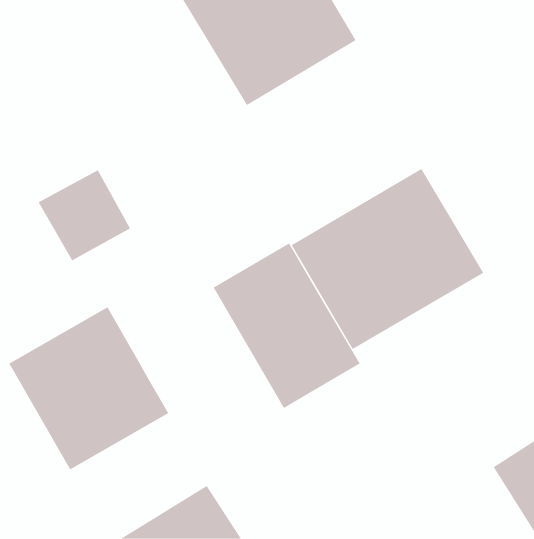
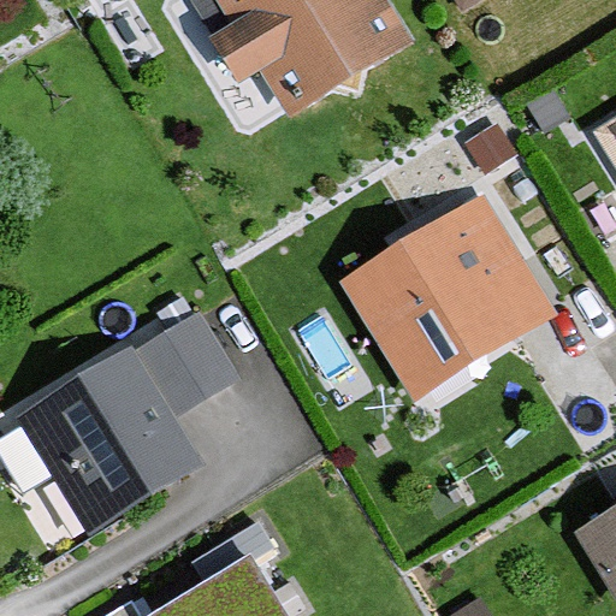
building: [38,169,131,261] -> [130,312,236,416]
building: [213,243,360,409] -> none

